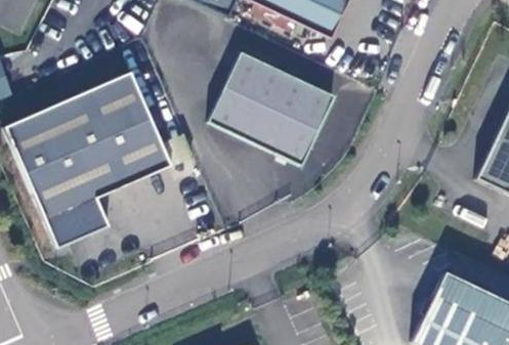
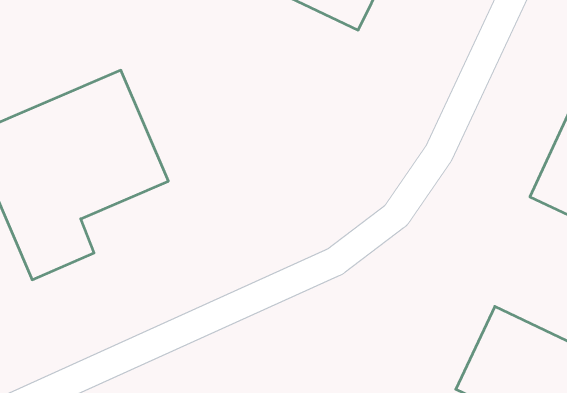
building: [207,51,334,165] -> none

